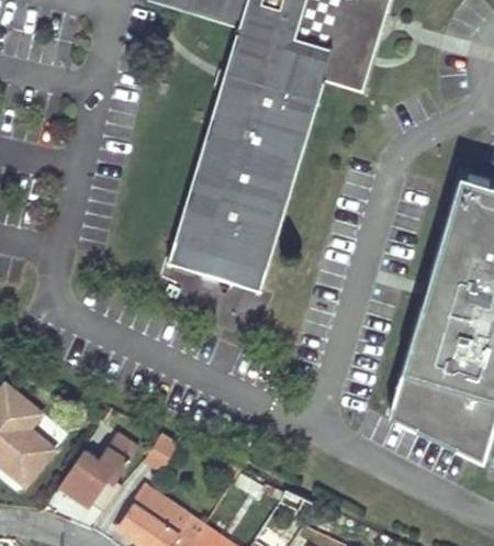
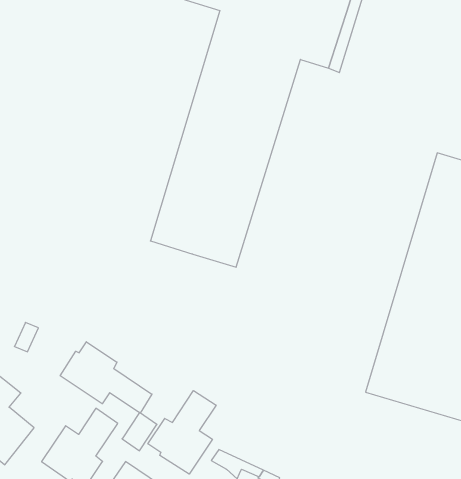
building: none -> [60,342,152,413]
building: none -> [148,391,216,474]

